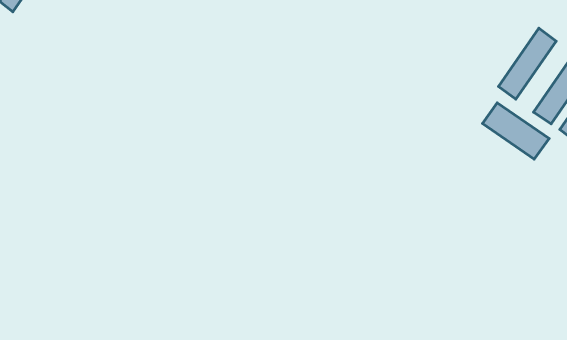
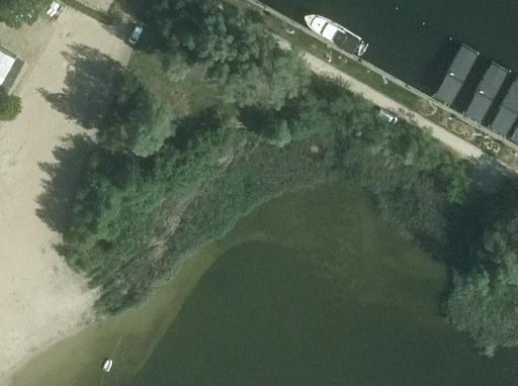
building: [482,103,549,159] -> none

